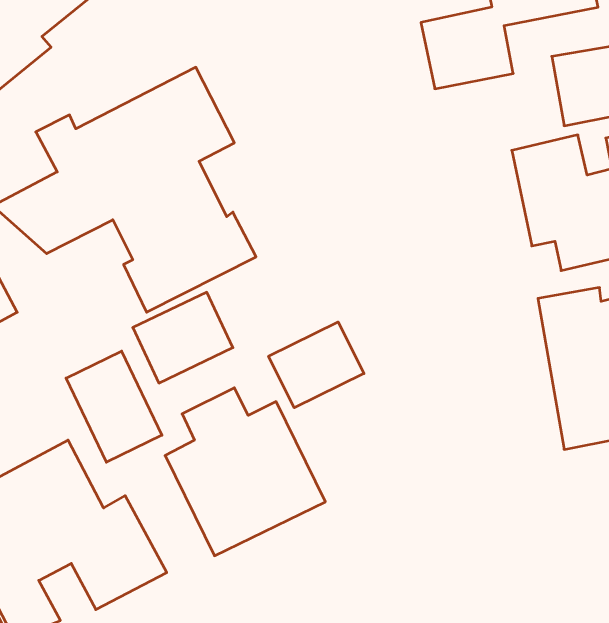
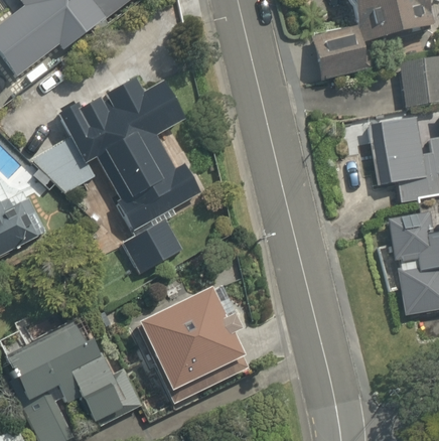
building: [269,322,364,408] -> none
building: [66,351,162,462] -> none

